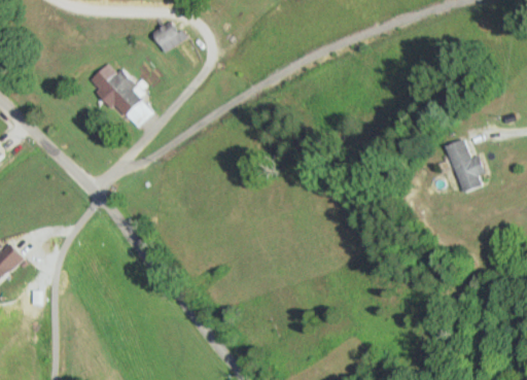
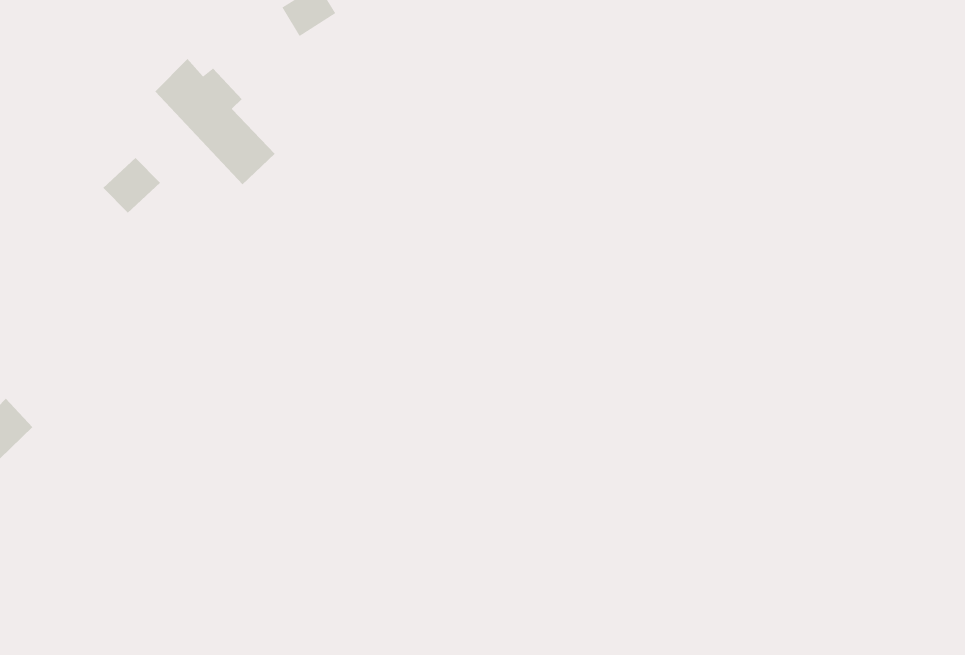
building: none -> [102,157,161,214]
building: [449,138,486,192] -> none

